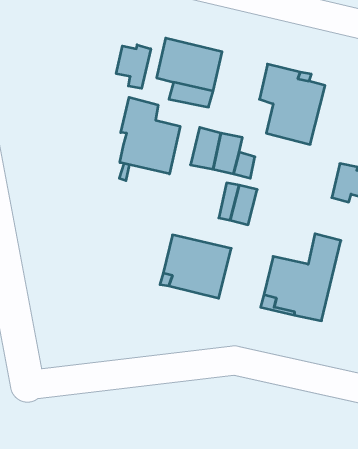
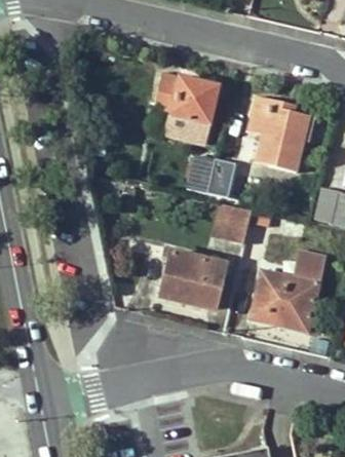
building: [116,45,151,88] -> none
building: [120,97,180,174] -> none

